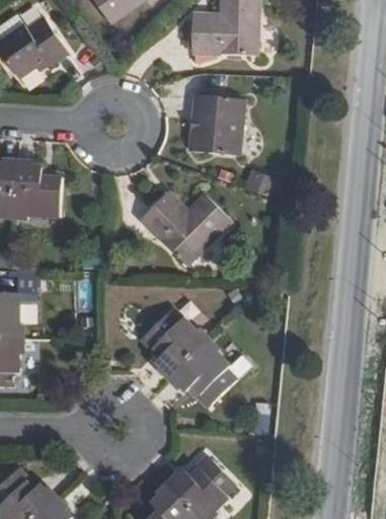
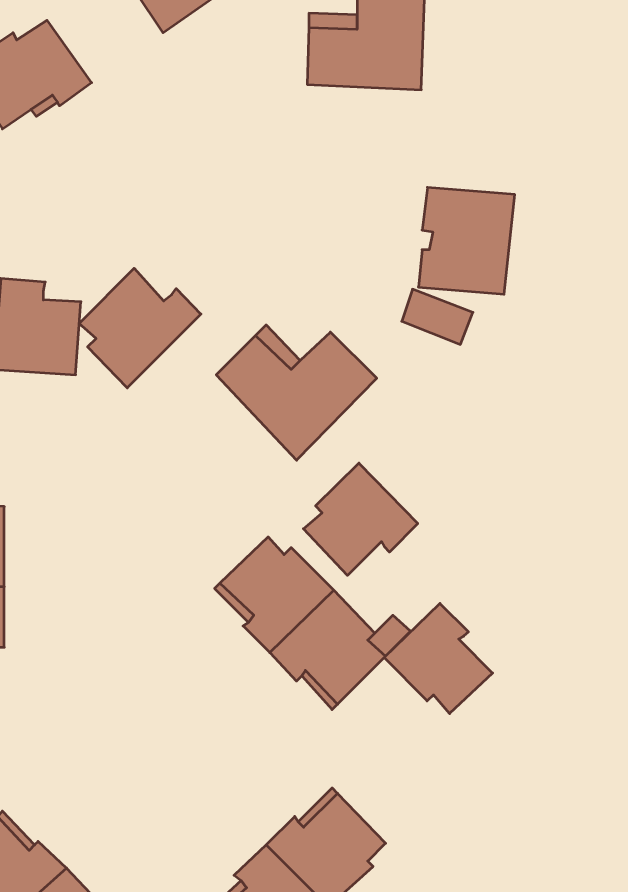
building: [189,95,244,156] -> [418,187,515,294]
building: none -> [79,268,201,388]
building: none -> [303,463,418,575]
building: none -> [384,603,493,714]

